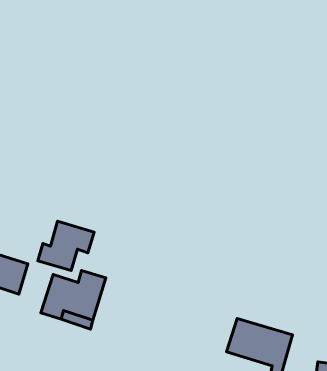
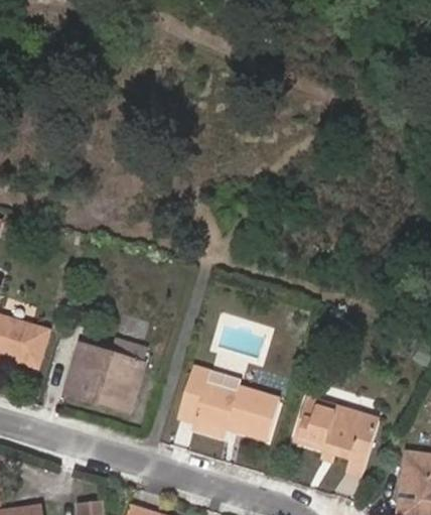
building: [38,221,94,271] -> none
building: none -> [176,365,278,438]

